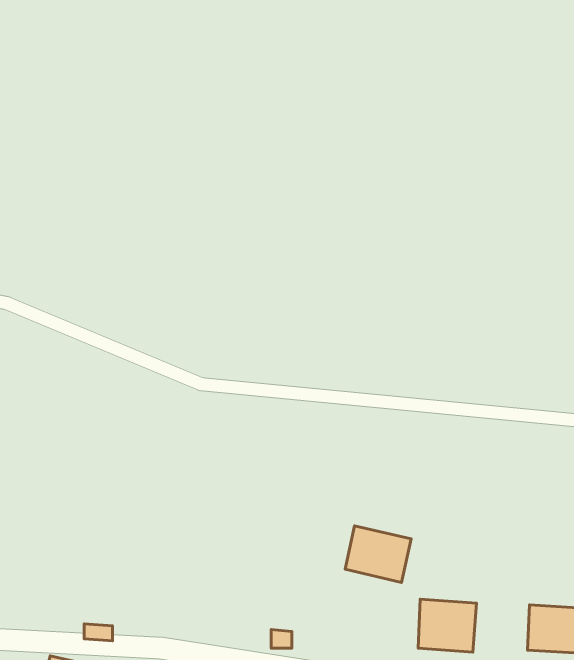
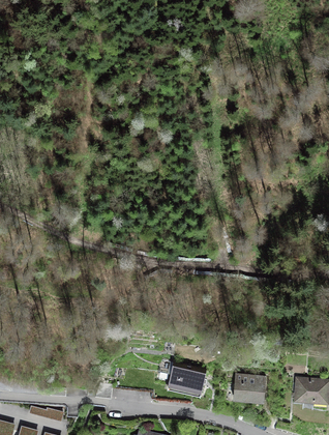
building: [345,526,411,582] -> [168,364,204,395]

